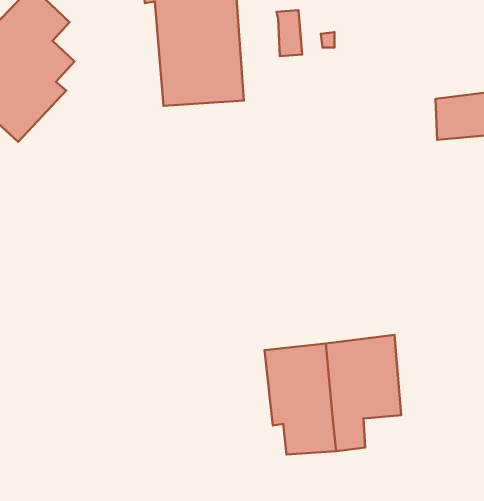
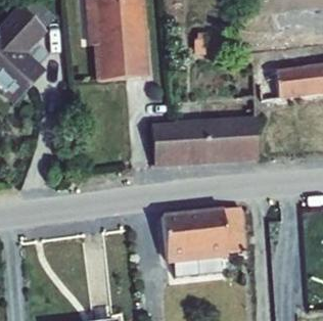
building: none -> [154,117,257,164]

